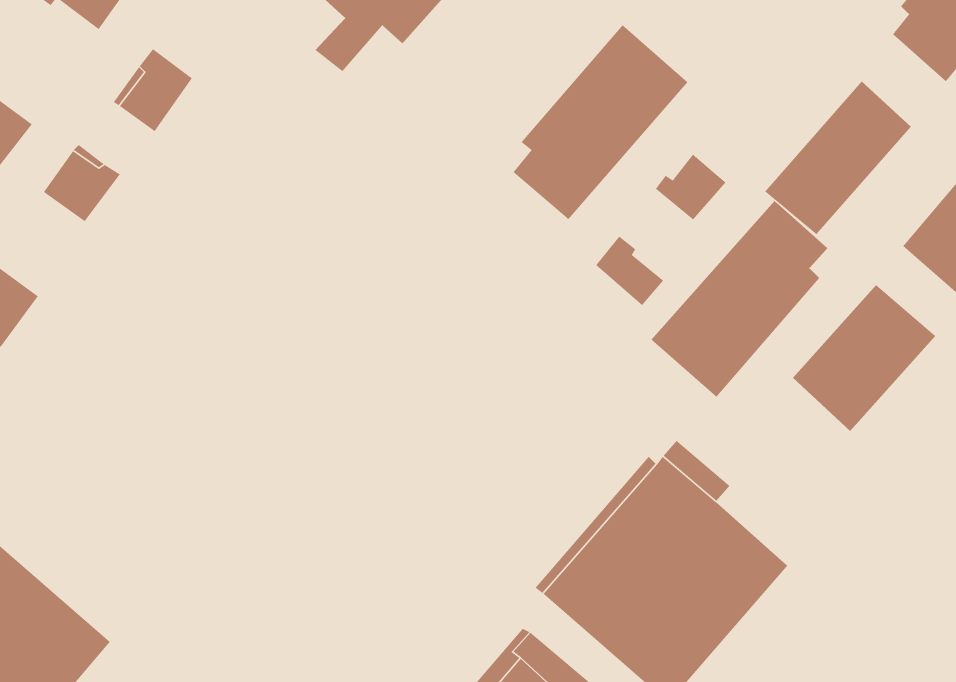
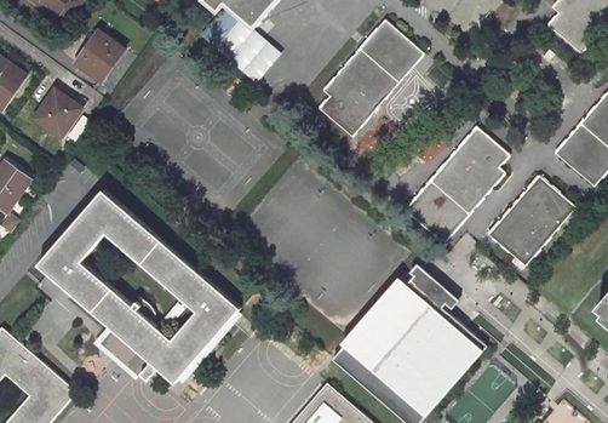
building: none -> [216,18,277,82]
building: [764,81,912,235] -> none
building: [655,154,727,221] -> none
building: [595,236,664,306] -> none
building: none -> [38,187,240,382]

